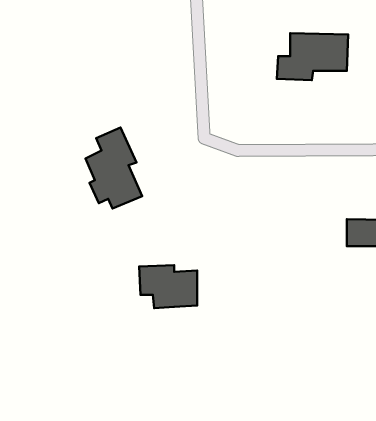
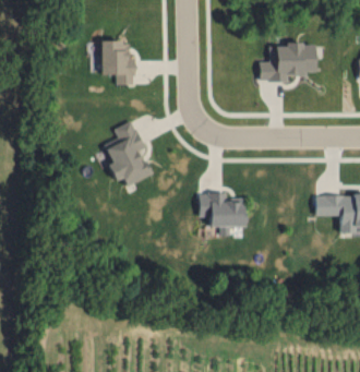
building: none -> [101,41,135,85]
building: [139,265,197,308] -> [199,193,245,228]

